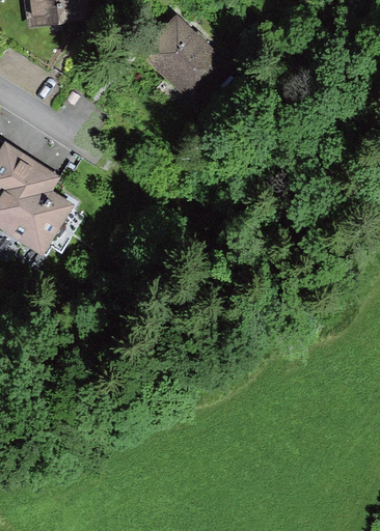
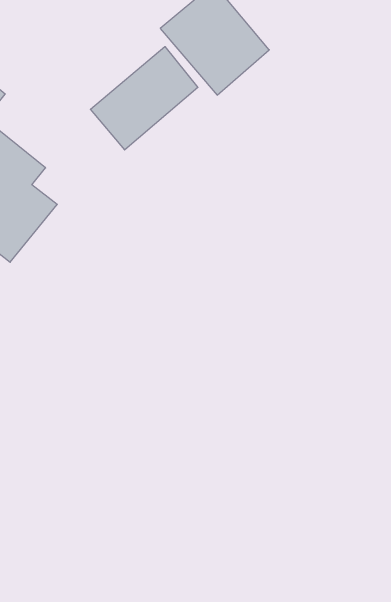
building: none -> [90,47,198,150]

